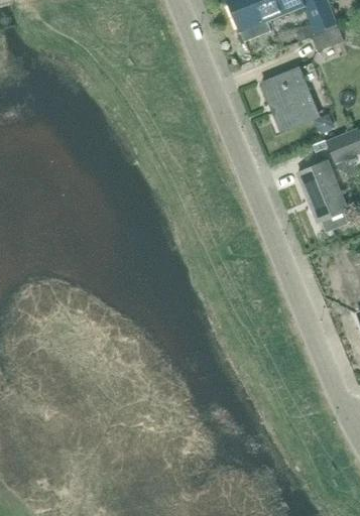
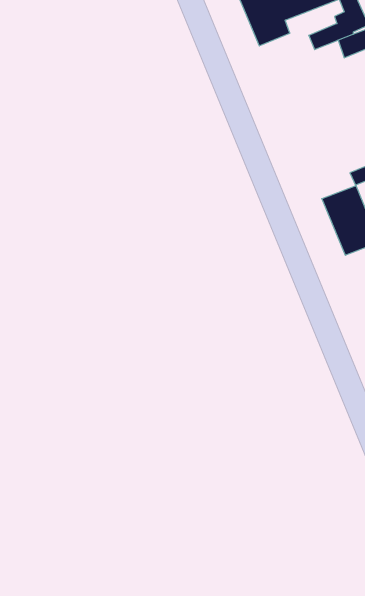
building: [261,69,318,129] -> none

